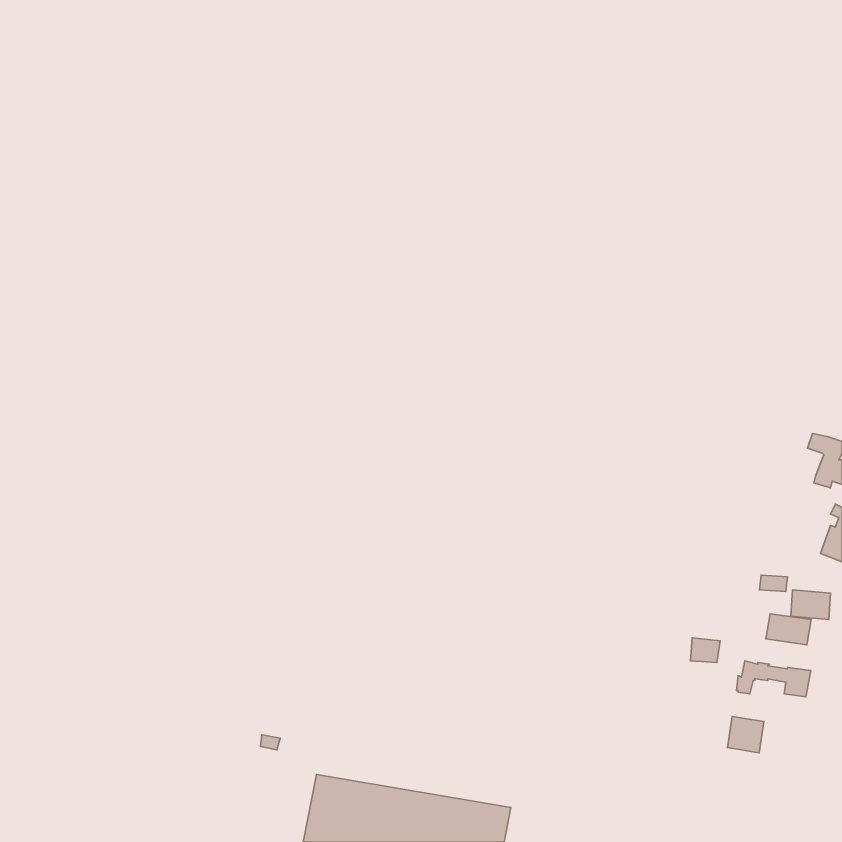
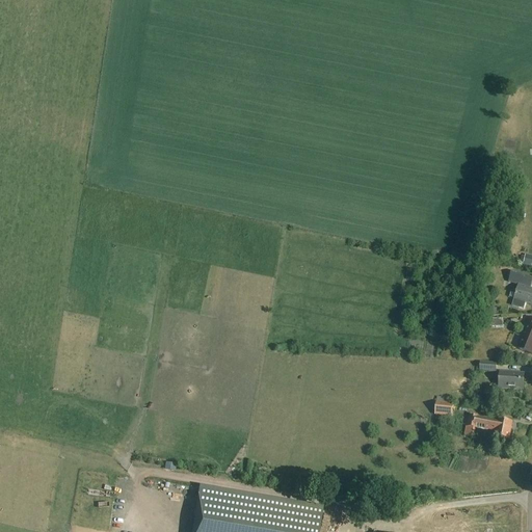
building: [766,614,811,645] -> none
building: [728,717,764,753] -> none

